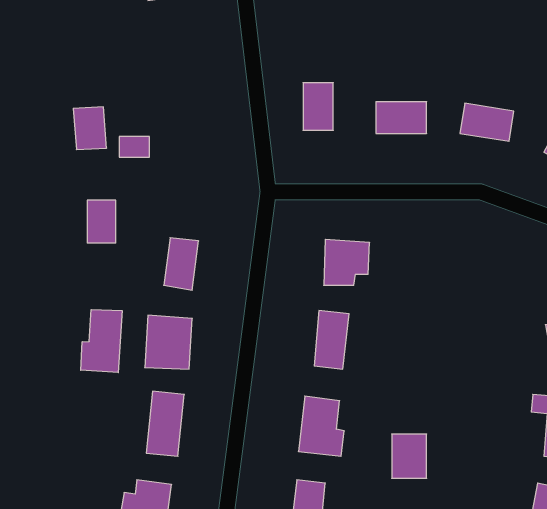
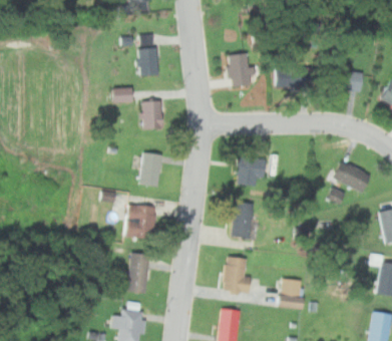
building: [73,107,107,150] -> [135,49,156,76]
building: [87,200,116,243] -> [141,102,159,129]
building: none -> [328,160,371,205]
building: [81,310,122,373] -> none

